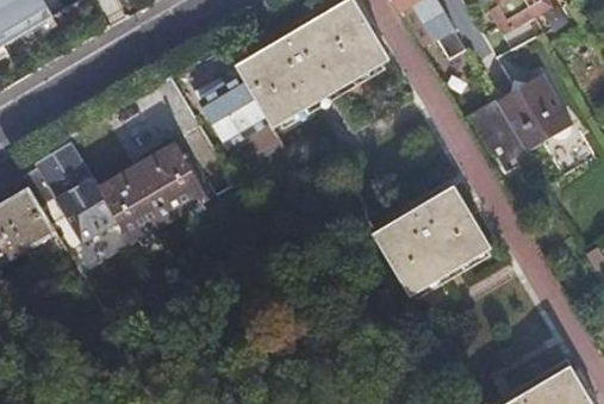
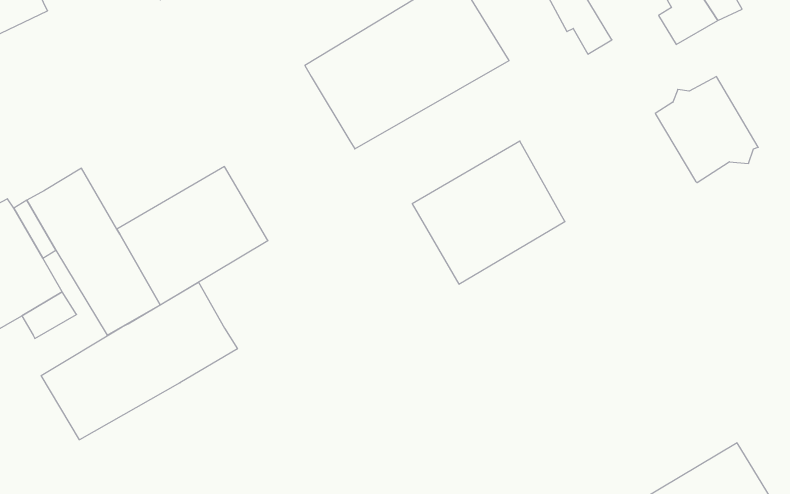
building: [203,74,270,145] -> none
building: [465,101,527,167] -> none
building: [372,182,485,288] -> [412,141,565,284]
building: none -> [41,282,237,440]

